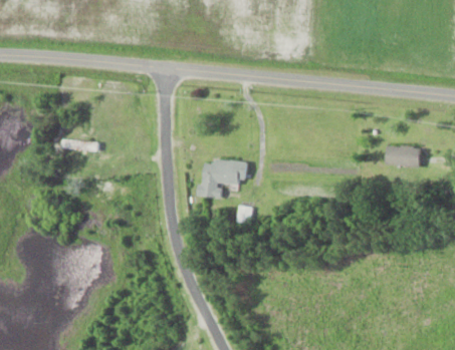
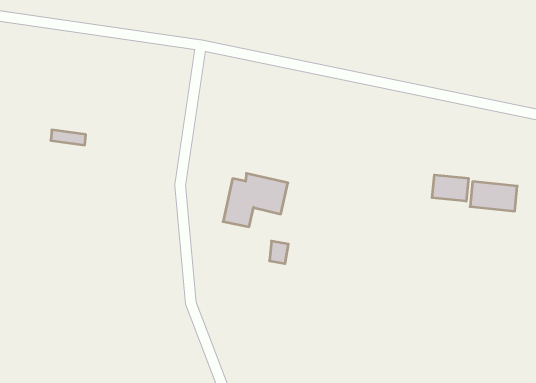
building: none -> [432,175,468,201]

